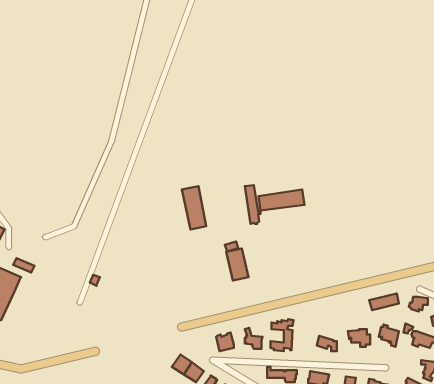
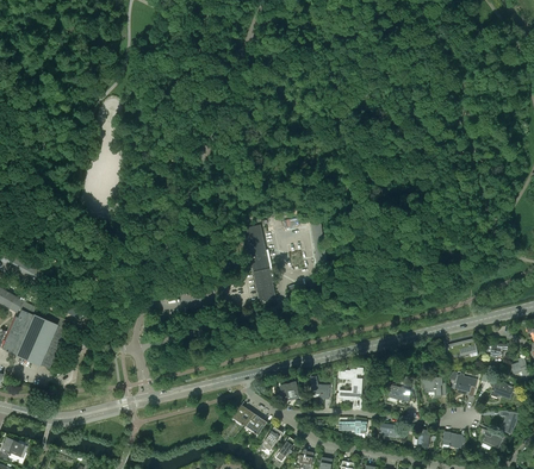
building: [259,189,304,211] -> none
building: [226,248,248,281] -> [252,268,275,302]

